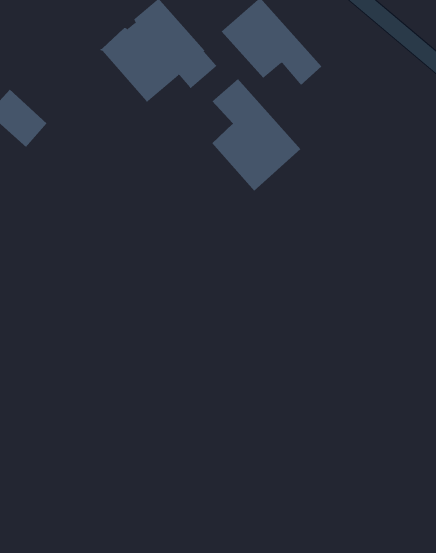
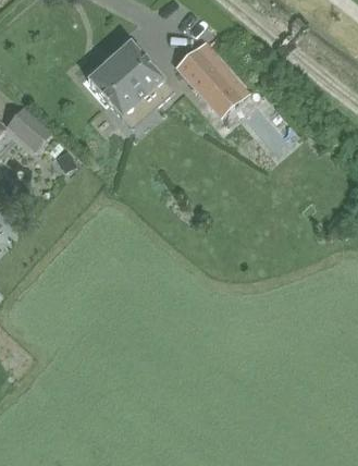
building: [211,78,301,192] -> none

